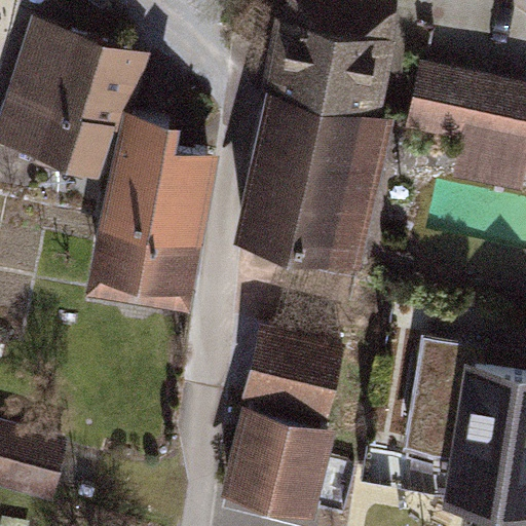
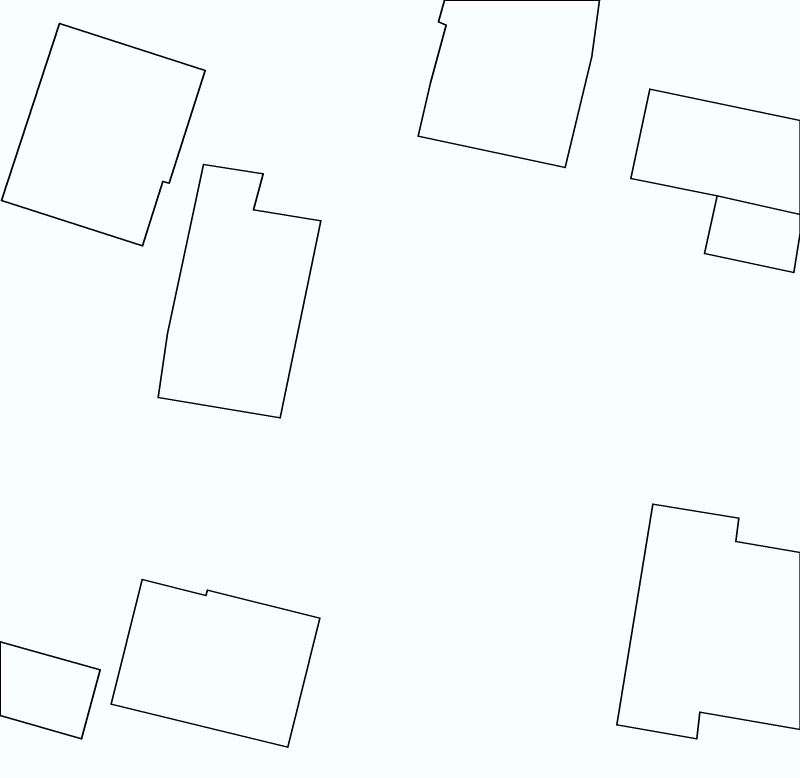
building: [245,104,366,259] -> none
building: [231,344,342,516] -> none
building: none -> [111,579,320,747]

